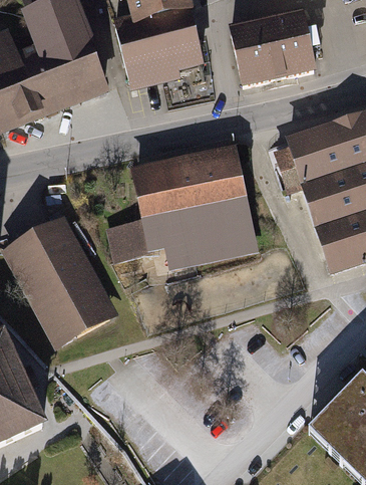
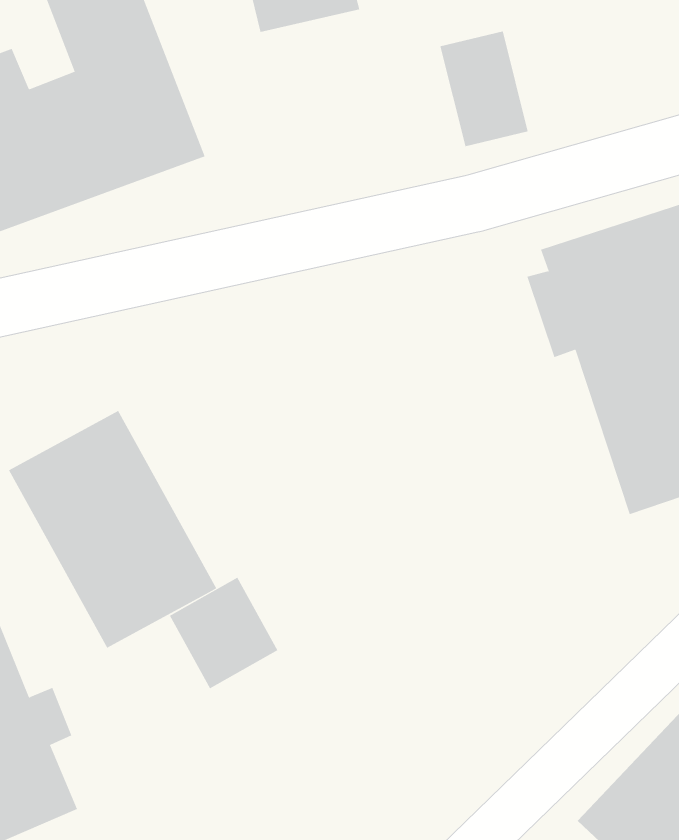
building: [120,11,202,80] -> none
building: [264,13,311,74] -> none
building: [108,151,257,266] -> none
building: none -> [169,577,278,689]

